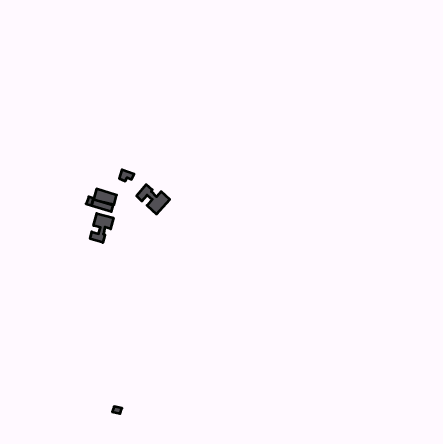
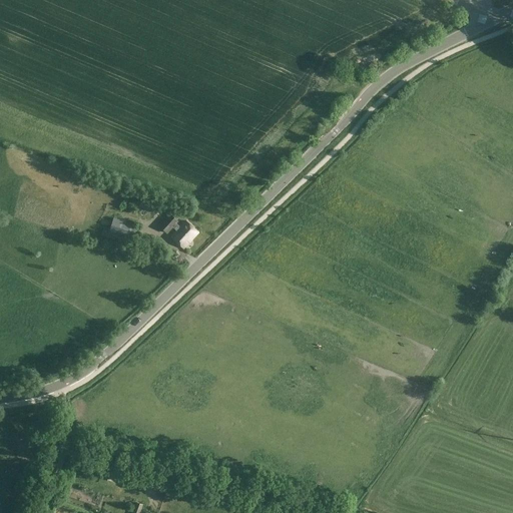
building: [90,213,113,243] -> none

